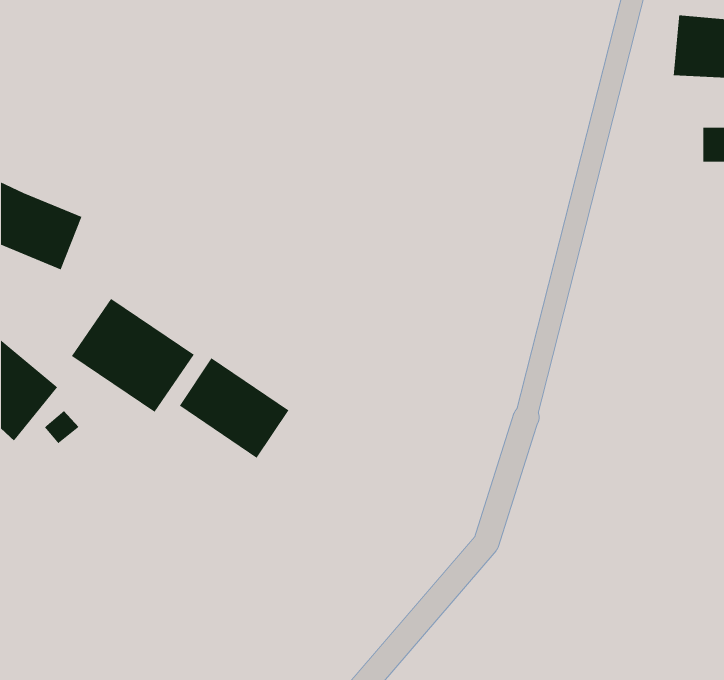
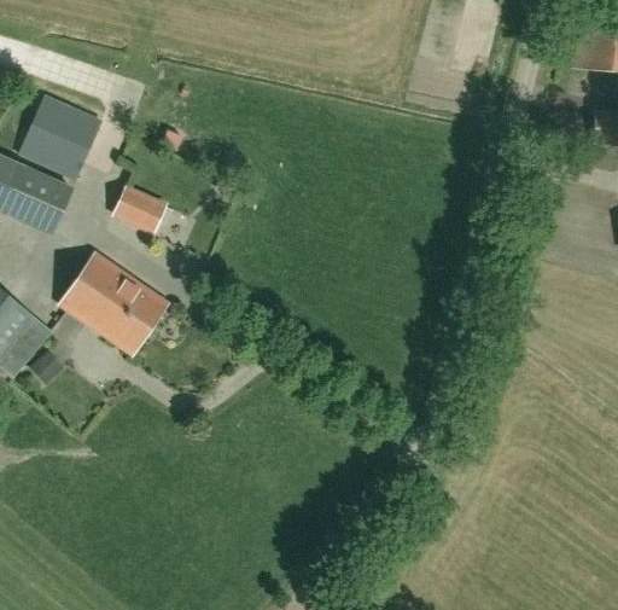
building: none -> [18,95,100,179]
building: none -> [113,187,163,231]
building: [179,357,289,459] -> none

